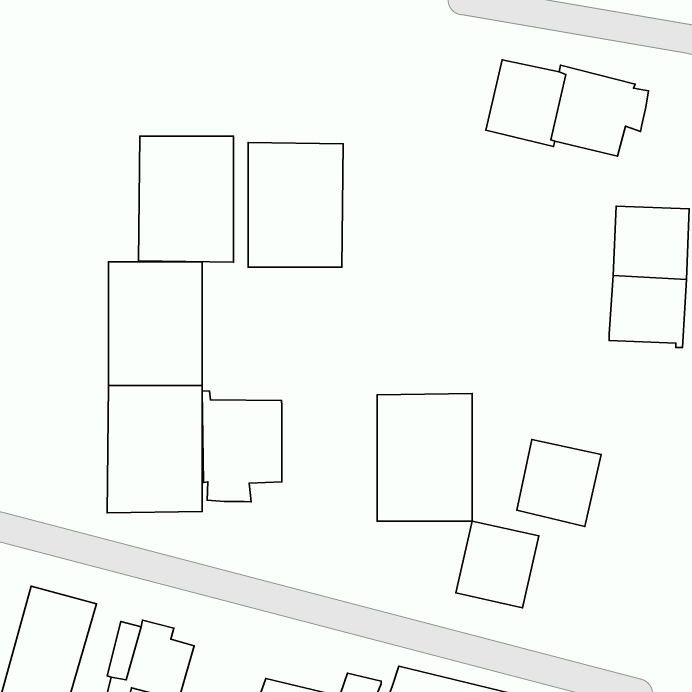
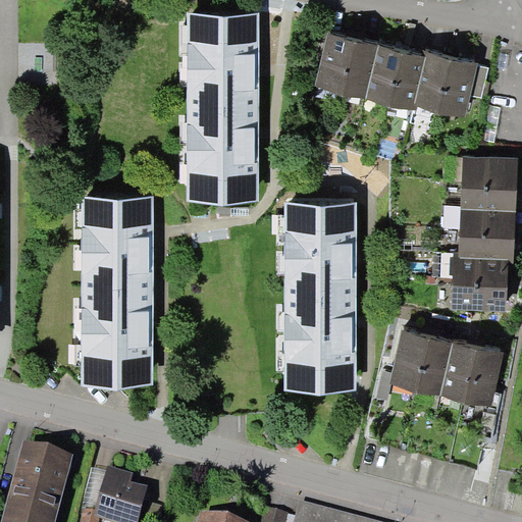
building: none -> [314,33,377,99]
building: [139,136,234,262] -> [187,14,258,109]
building: none -> [283,203,355,298]
building: none -> [452,252,508,312]
building: [202,391,282,502] -> none
building: [456,521,539,608] -> [439,343,502,408]

